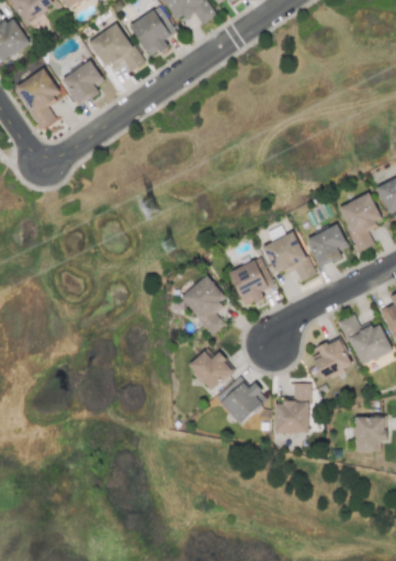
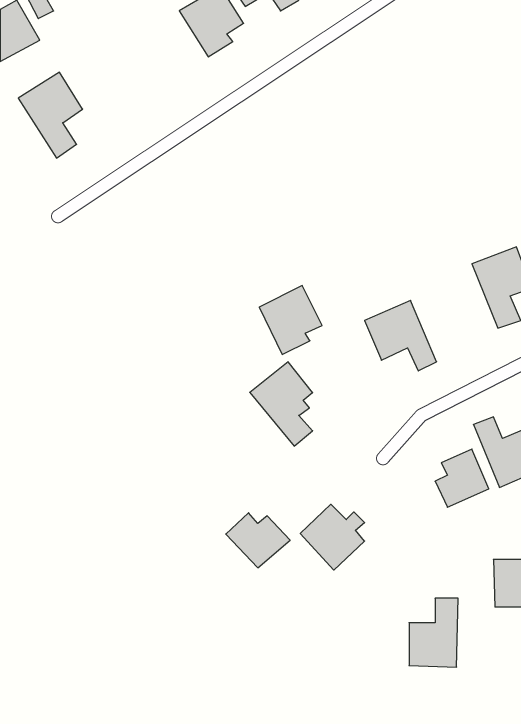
building: [90,23,143,71] -> none
building: [63,60,104,105] -> none
building: [307,224,349,267] -> none
building: [229,257,274,307] -> [259,286,322,354]
building: [189,351,235,390] -> [226,513,290,568]
building: [275,383,310,433] -> [409,598,458,667]

